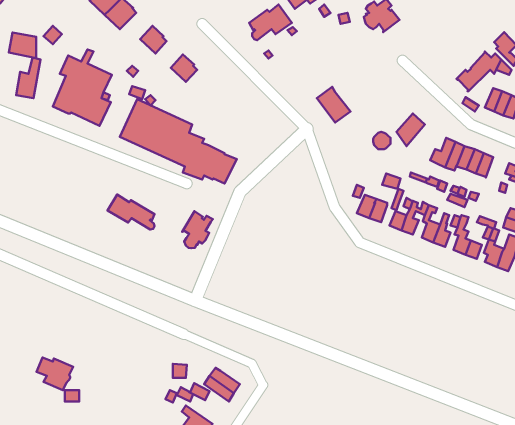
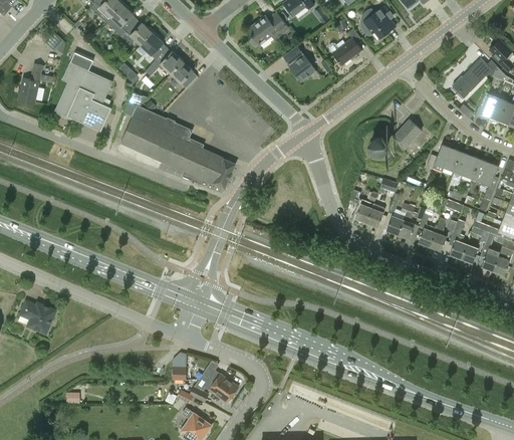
building: none -> [119,20,152,46]
building: none -> [327,29,360,65]
building: [9,32,36,58] -> none
building: none -> [155,48,182,74]
building: [317,87,351,123] -> [281,46,314,81]
building: none -> [478,163,498,211]
building: [107,195,155,230] -> none
building: [182,211,213,248] -> none
building: [37,358,73,390] -> [20,301,56,334]

